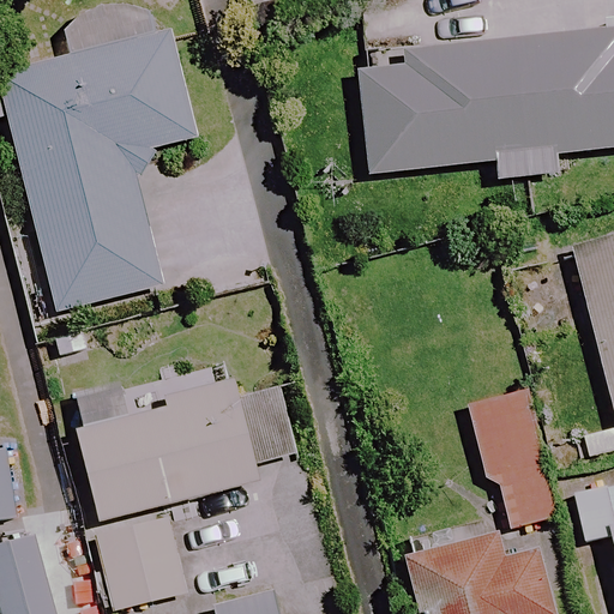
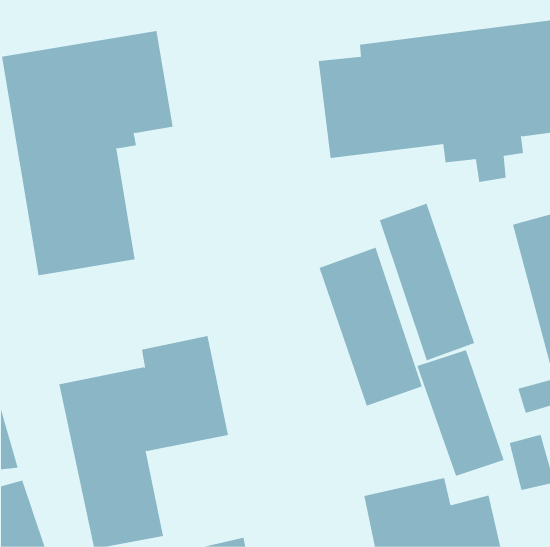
building: none -> [379,203,475,361]
building: none -> [319,247,423,407]

